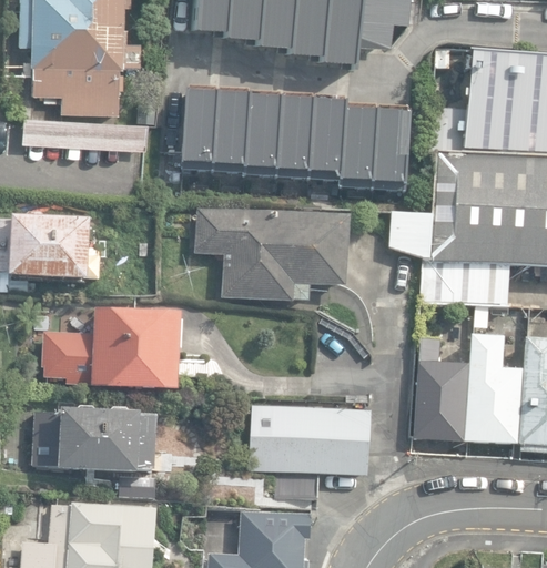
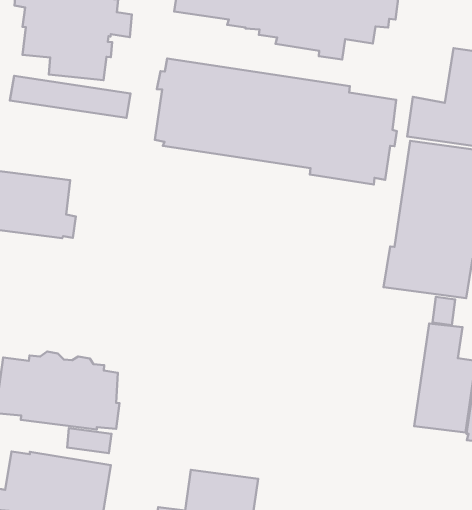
building: [195,209,350,302] -> none
building: [388,212,432,258] -> none
building: [42,307,183,390] -> none
building: [413,337,468,442] -> none
building: [249,402,371,498] -> none

